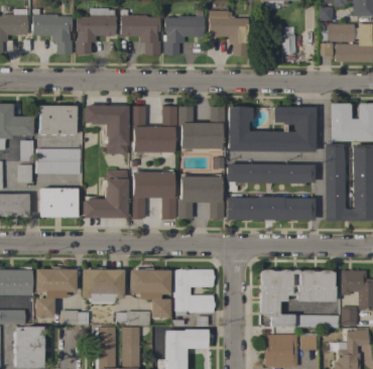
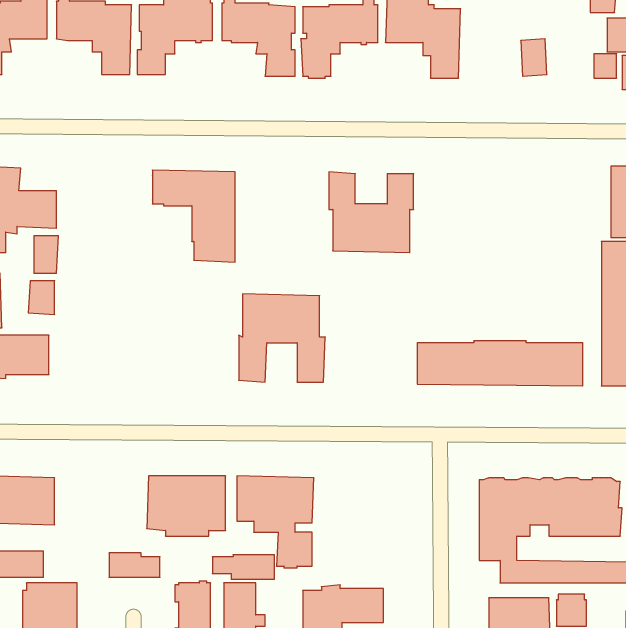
building: [39,105,76,134] -> none
building: [130,106,176,152] -> none
building: [228,107,316,152] -> none
building: [36,148,81,173] -> none
building: [226,163,314,192] -> none
building: [82,169,128,218] -> none
building: [177,176,224,219] -> none
building: [40,188,78,217] -> none
building: [34,268,76,318] -> none
building: [173,269,215,316] -> none

